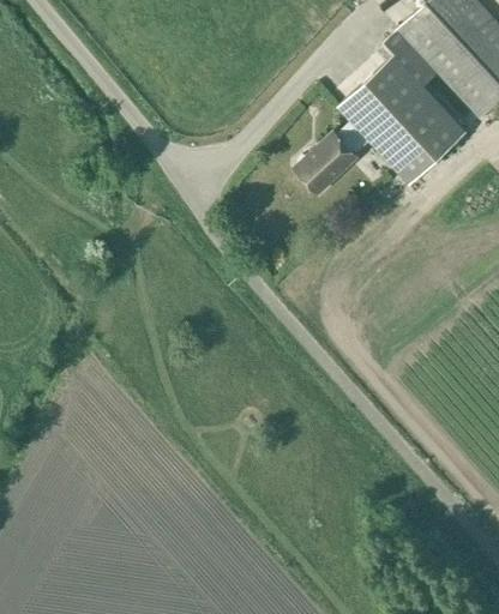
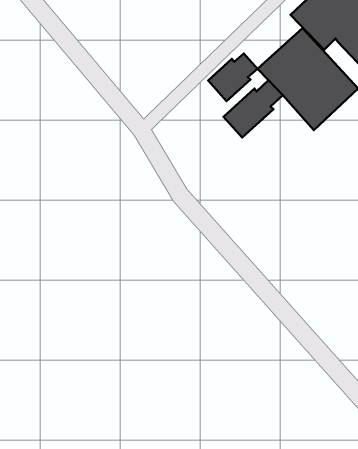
building: none -> [208,54,257,101]

